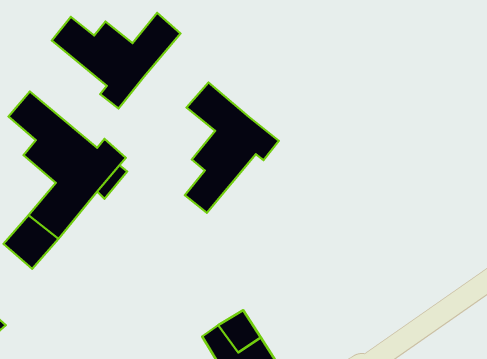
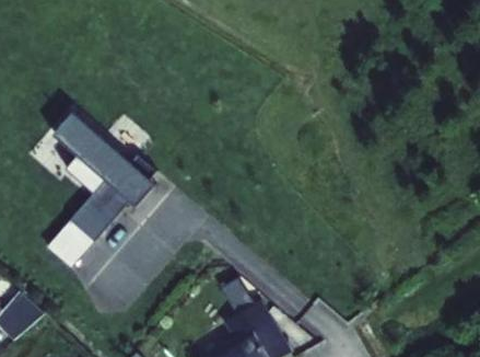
building: [52,13,181,108] -> none
building: [185,83,279,213] -> none

